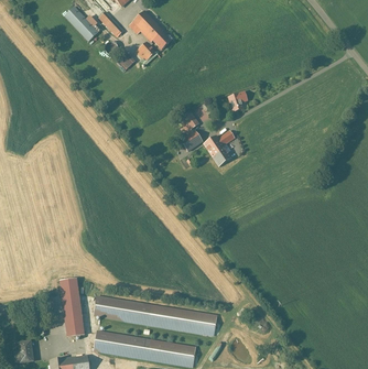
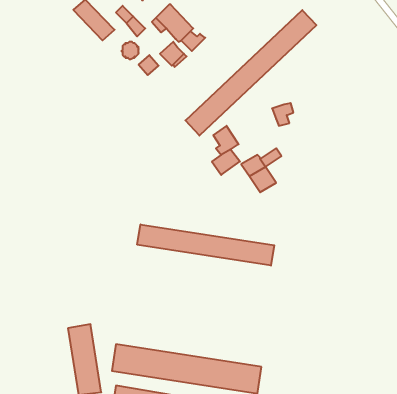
building: none -> [185,10,316,136]
building: none -> [137,224,274,266]

